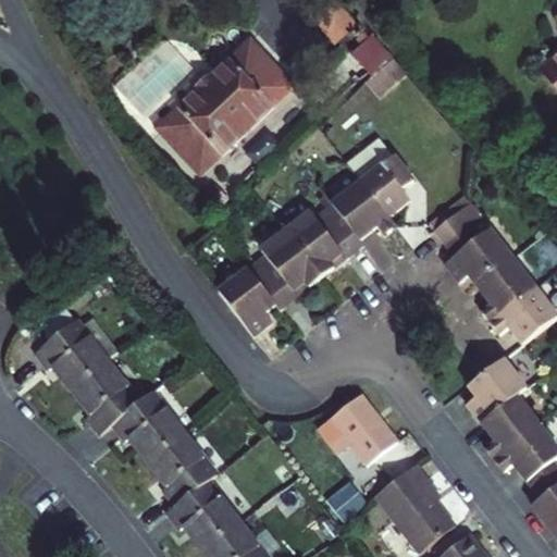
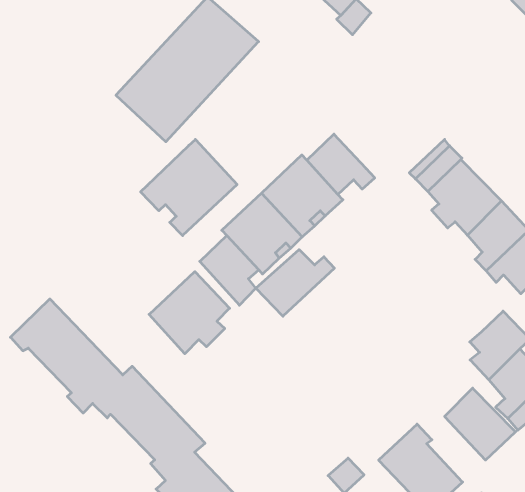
building: [346,136,411,214] -> none
building: none -> [141,139,237,236]
building: none -> [256,250,334,316]
building: none -> [149,272,230,354]
building: [332,396,399,467] -> [445,388,516,460]

